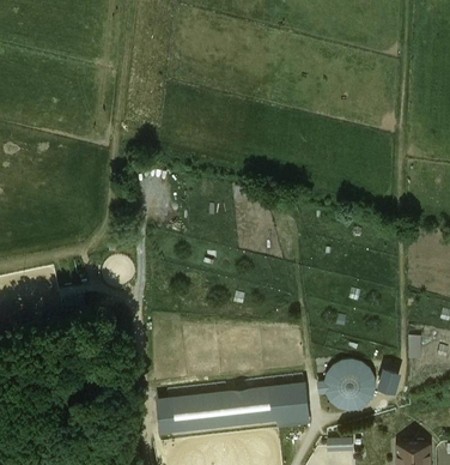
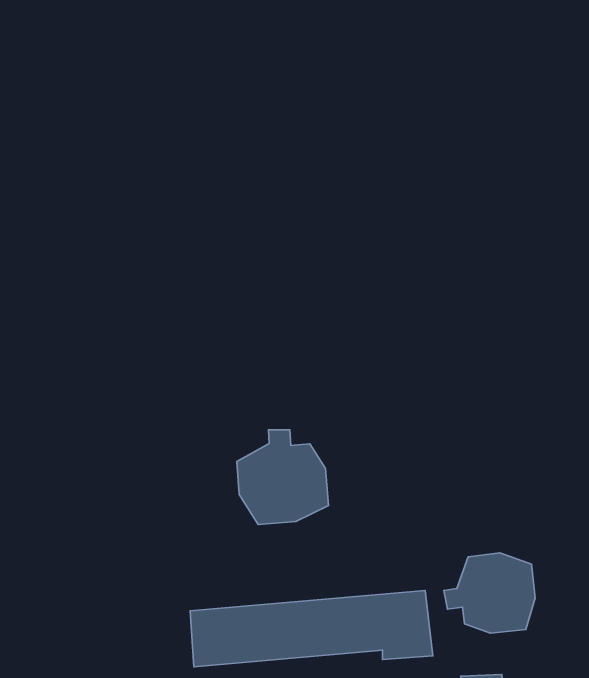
building: none -> [237,430,329,524]

